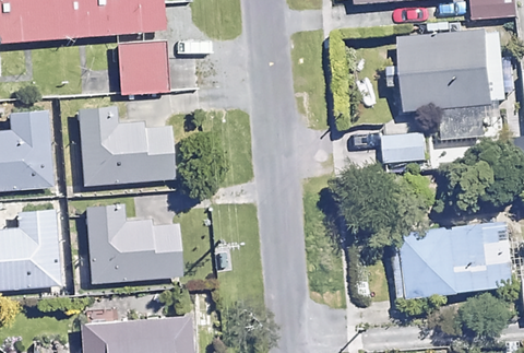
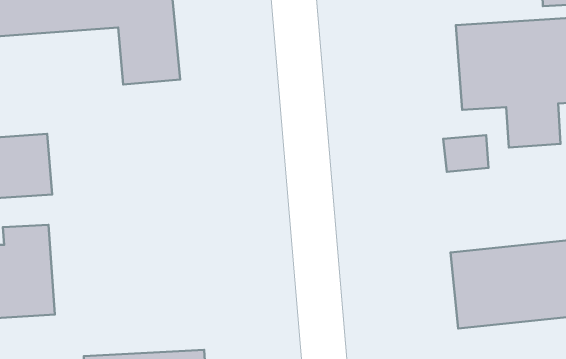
building: [70,106,160,186] -> none
building: [78,200,168,280] -> none

